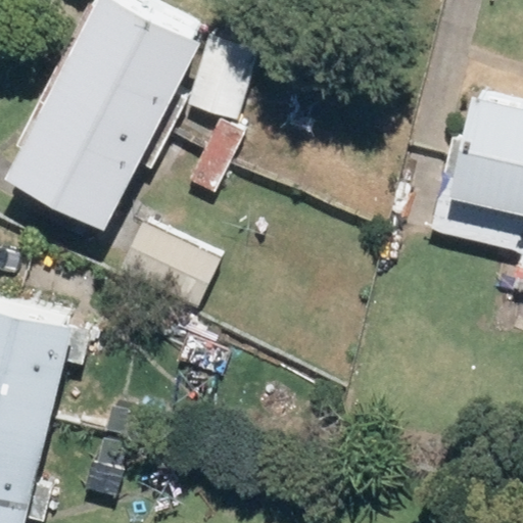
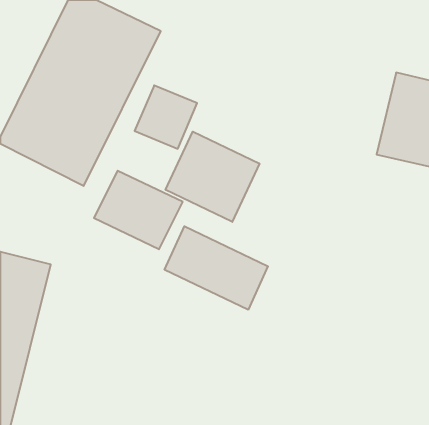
building: none -> [166,132,259,222]
building: none -> [165,226,268,310]

